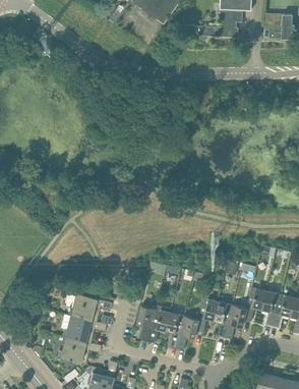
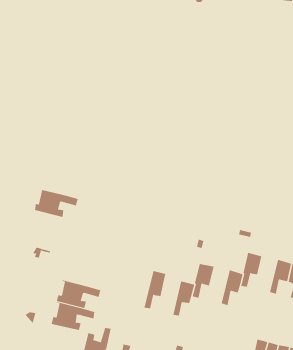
building: [261,290,281,326] -> none
building: [68,293,112,321] -> [34,190,79,217]
building: [214,300,233,337] -> none
building: [137,304,157,341] -> none
building: [166,312,185,348] -> none

